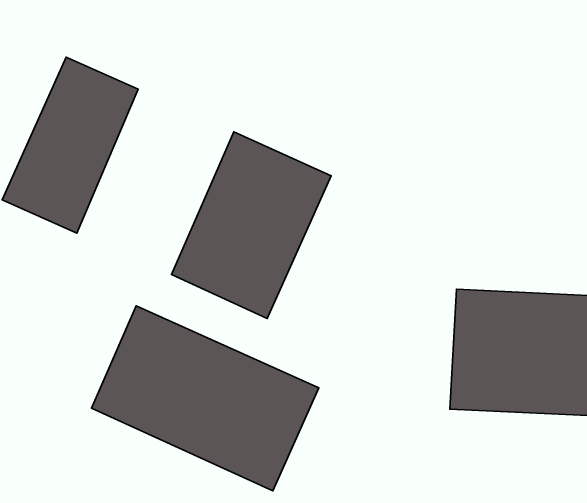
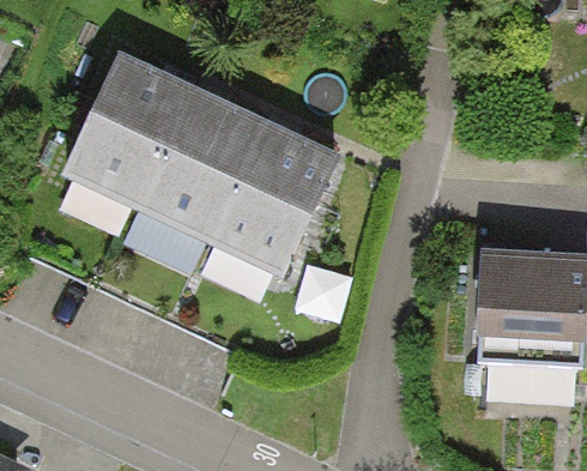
building: none -> [126,83,267,249]
building: [92,306,319,491] -> none

